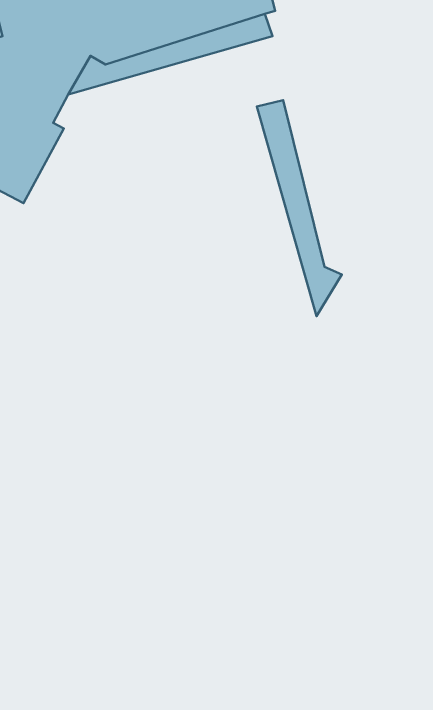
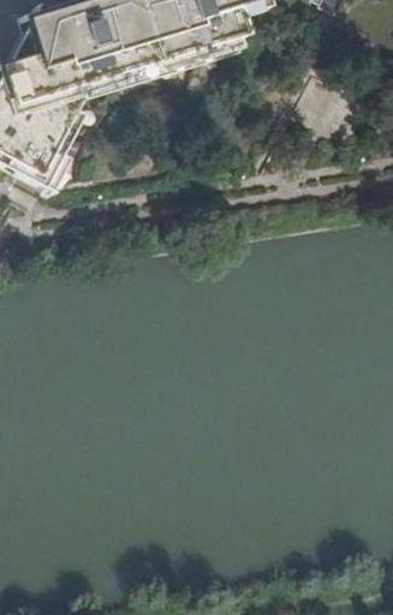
building: [257,100,342,316] -> none

